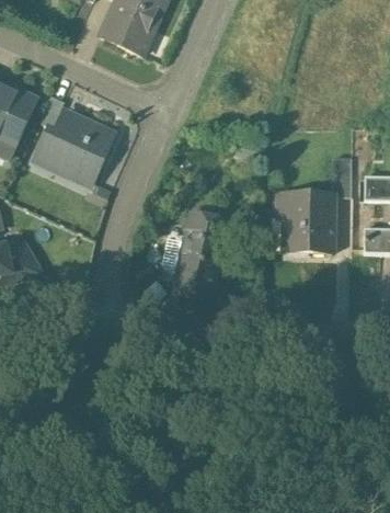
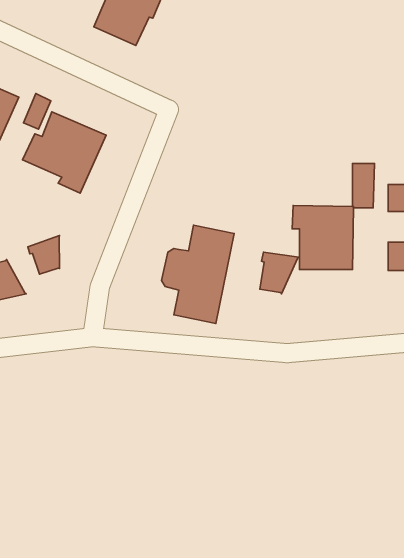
building: none -> [28,236,60,274]
building: none -> [260,252,299,294]

